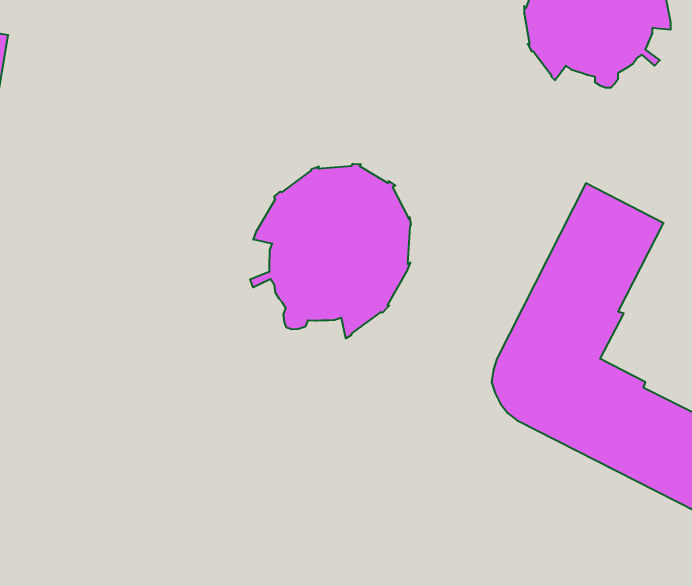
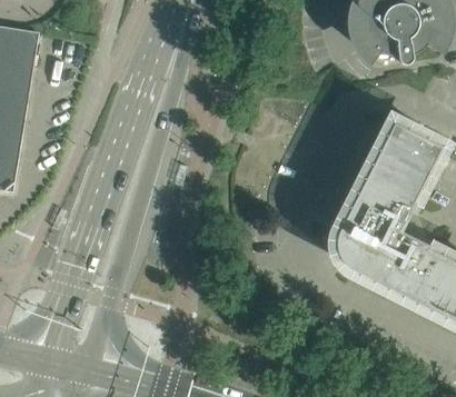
building: [250,164,411,338] -> none

